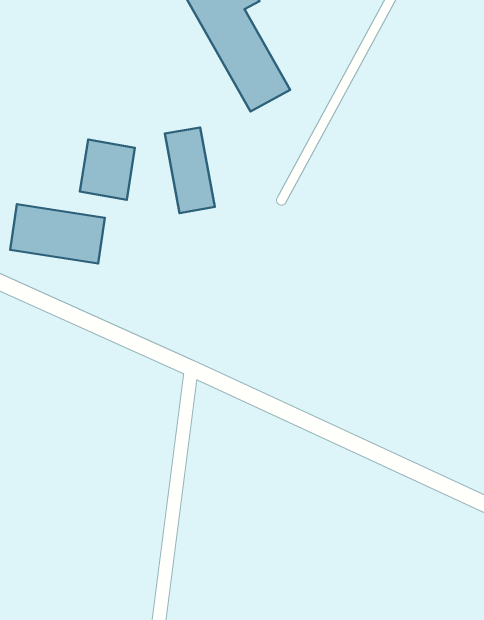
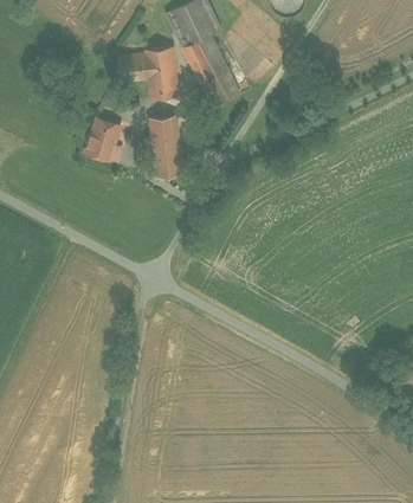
building: none -> [120,47,176,96]
building: [10,204,105,263] -> none

